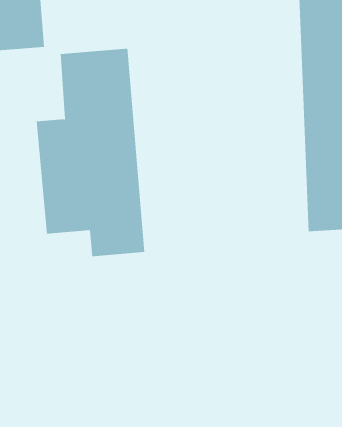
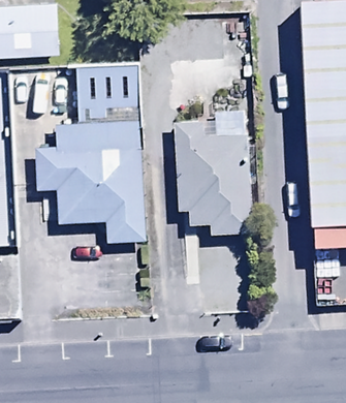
building: none -> [177,103,254,236]

